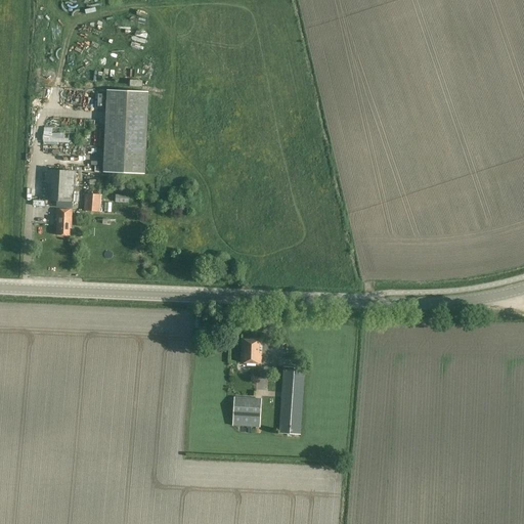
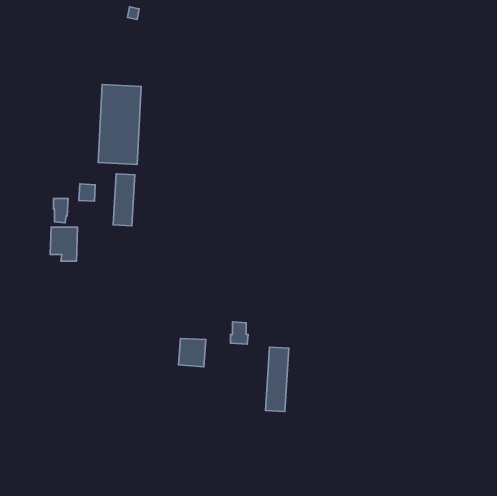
building: [44,171,73,207] -> [50,227,77,261]
building: none -> [113,174,135,226]
building: [232,397,261,427] -> [178,339,206,367]

